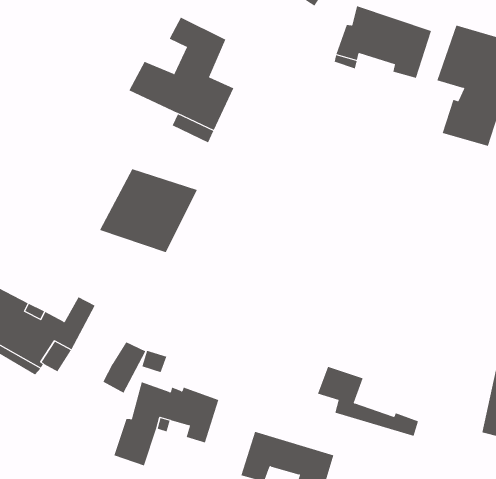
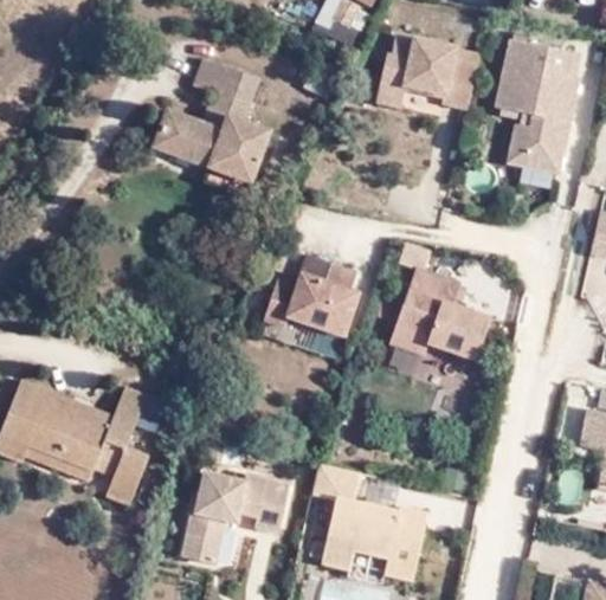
building: [99,168,198,253] -> [265,252,370,342]
building: none -> [389,267,499,374]
building: [103,342,146,394] -> [98,445,143,503]
building: [317,366,419,437] -> [310,464,426,533]

